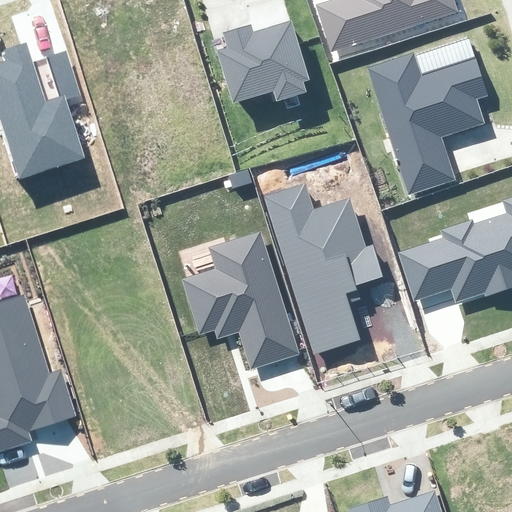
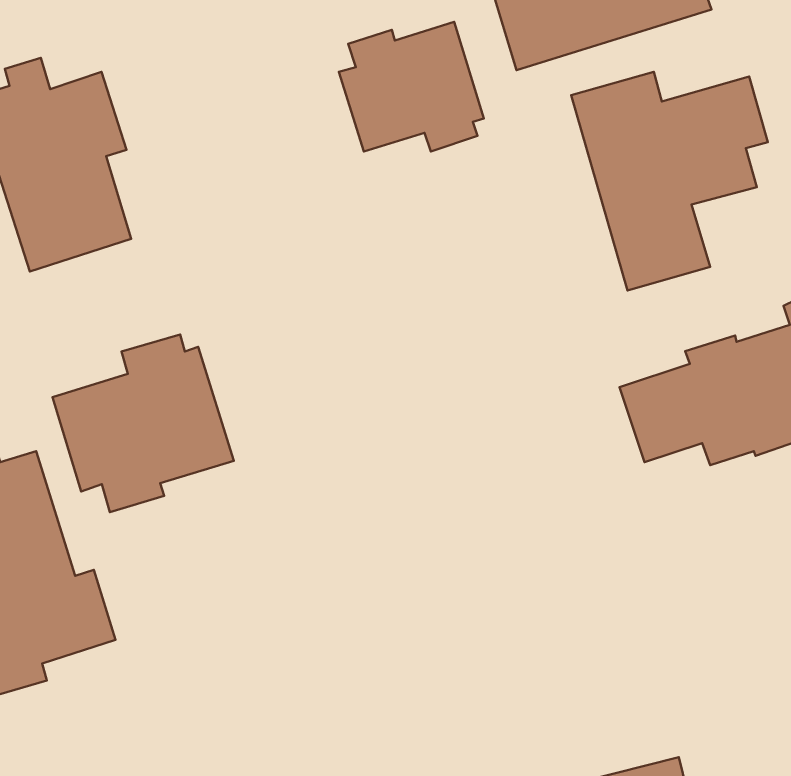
building: [262,182,383,354] -> none
building: none -> [52,335,234,512]
building: [181,231,299,368] -> none

